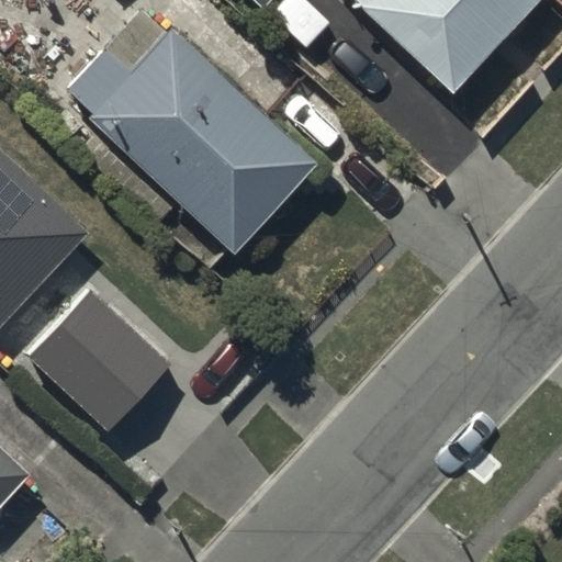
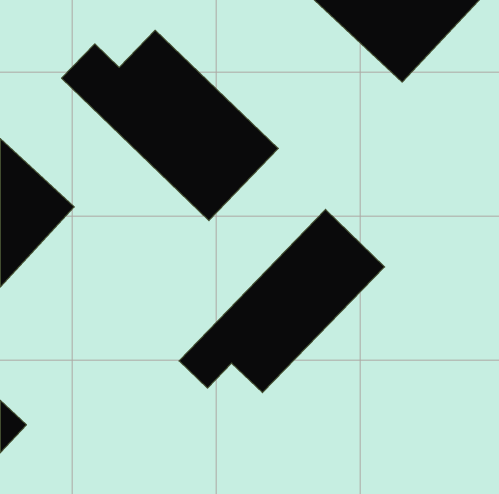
building: none -> [179,209,385,393]
building: [33,294,171,431] -> none

